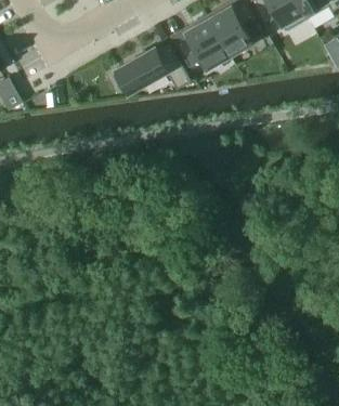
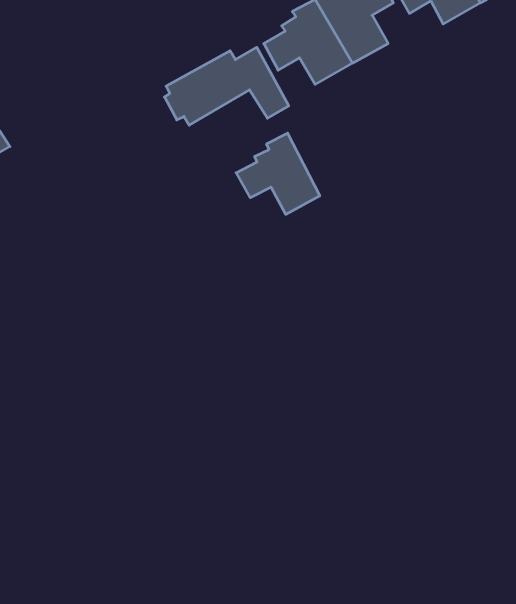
building: none -> [236,133,320,214]

